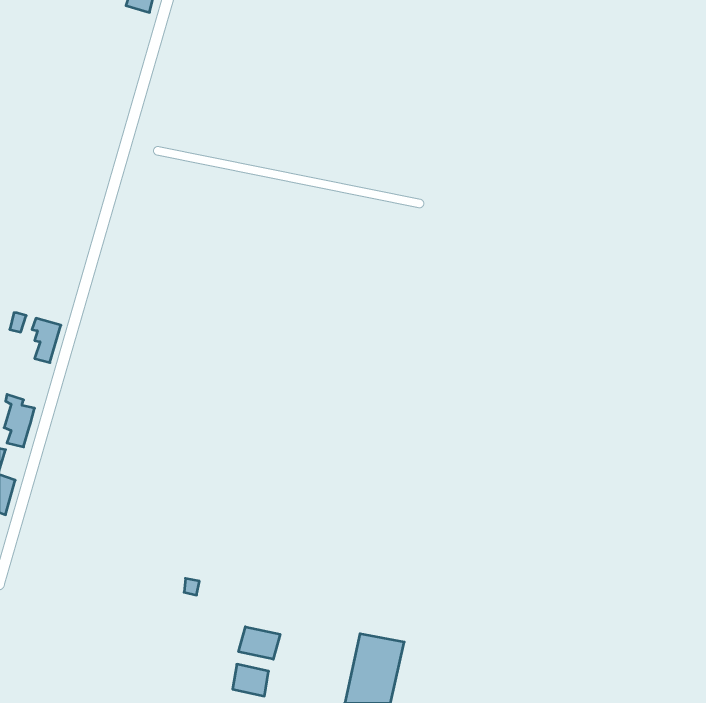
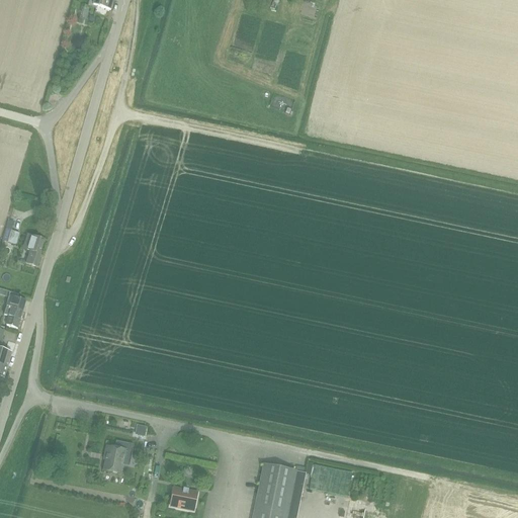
building: none -> [102,444,125,472]
building: [239,627,280,659] -> none

